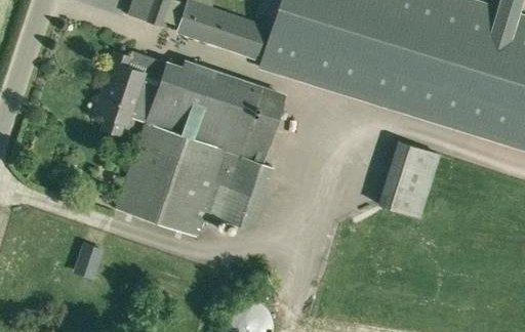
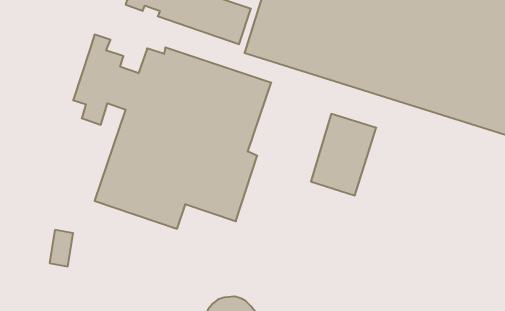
building: [377,140,440,218] -> [311,114,376,195]

